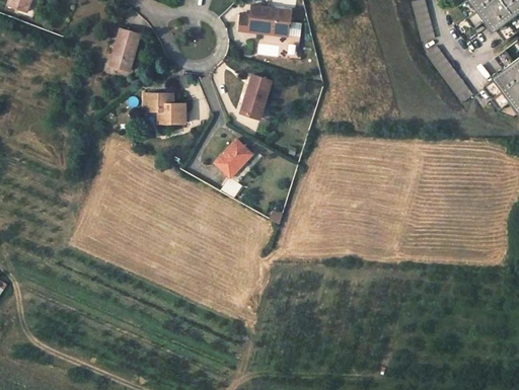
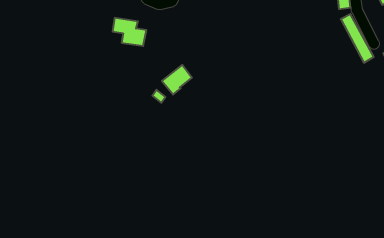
building: [242,75,272,119] -> none

